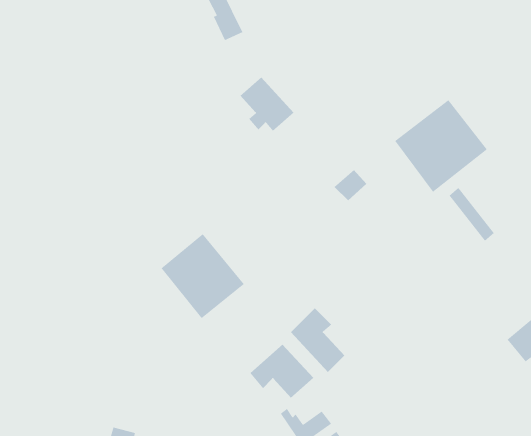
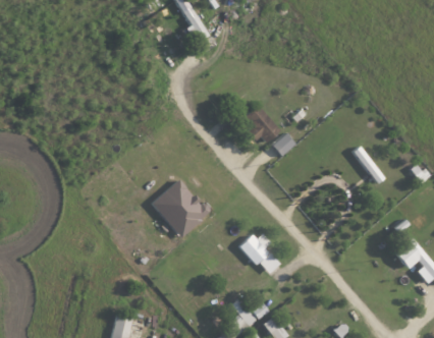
building: [239,77,295,132] -> [242,104,281,143]
building: [394,99,488,193] -> none
building: [250,344,314,399] -> none

